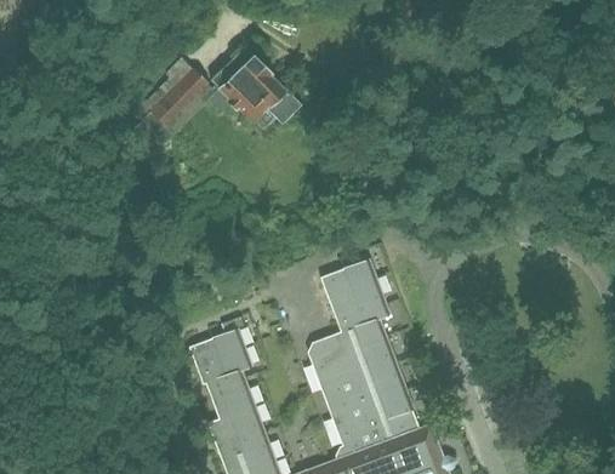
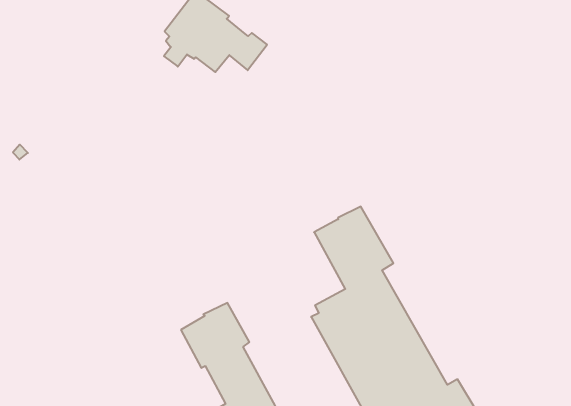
building: [125,68,207,159] -> none

